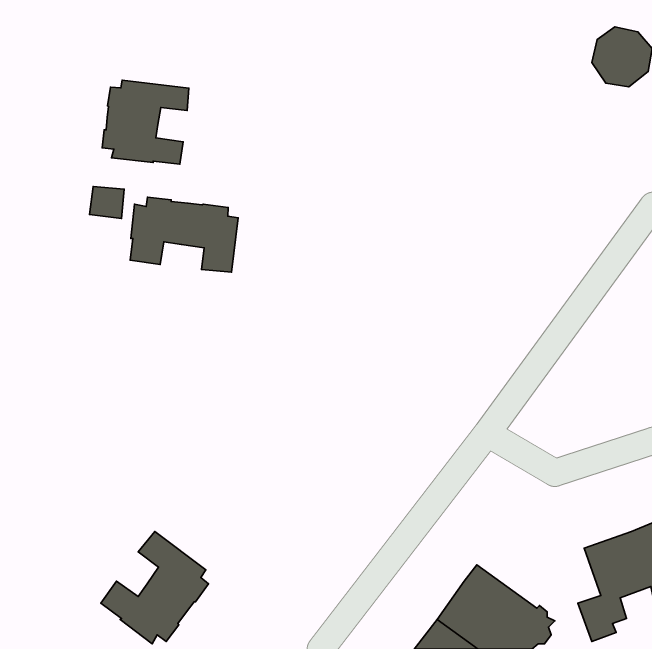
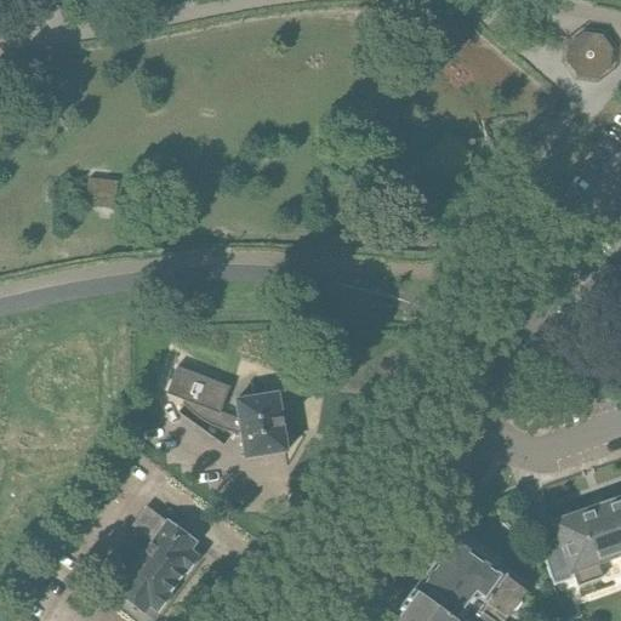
building: [102,80,189,164] -> none
building: [130,197,238,272] -> none
building: none -> [167,365,289,457]

